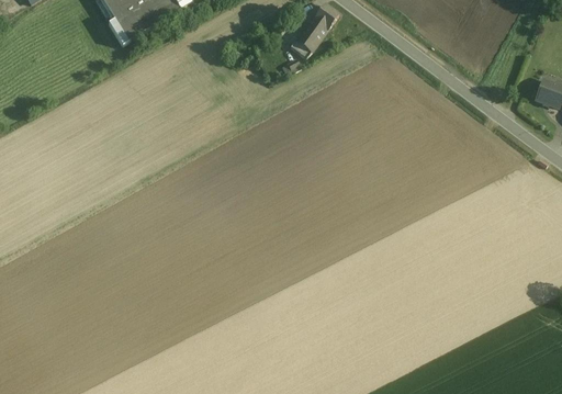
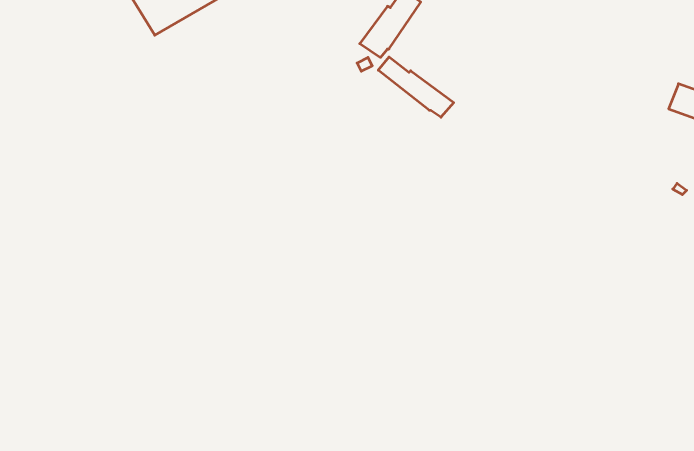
building: none -> [378,57,454,117]

